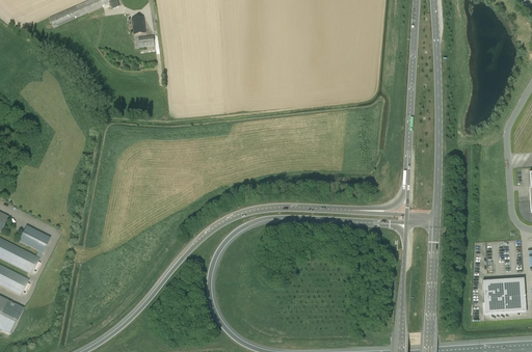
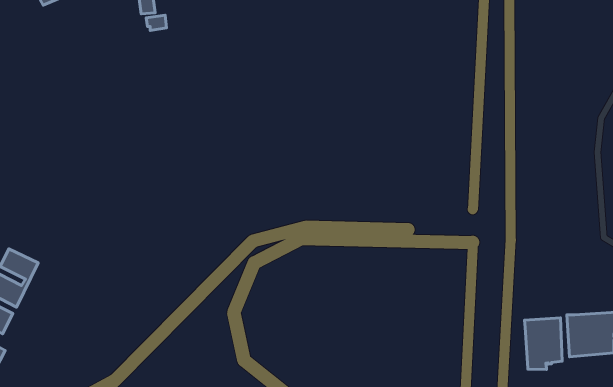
building: none -> [524,318,562,369]

